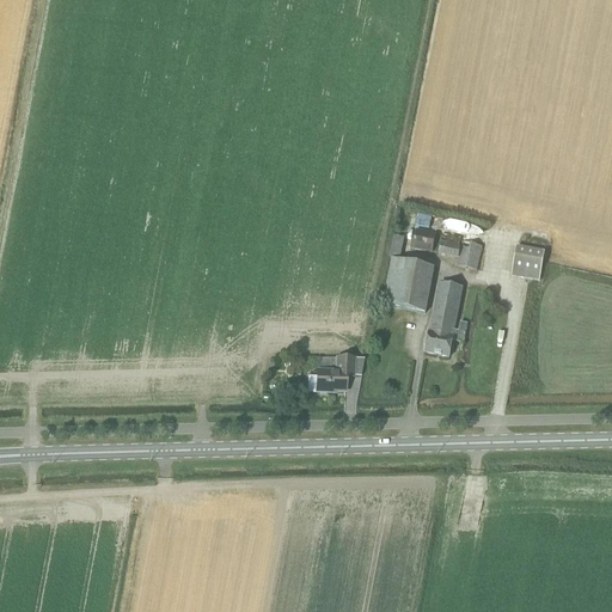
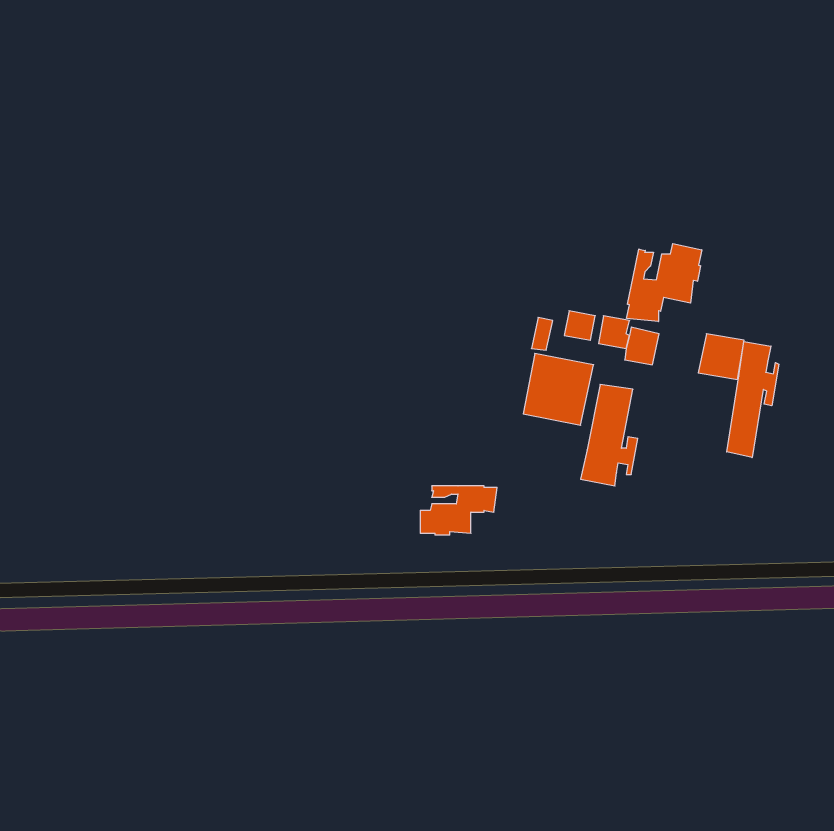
building: none -> [627,244,702,322]
building: none -> [727,342,779,458]

